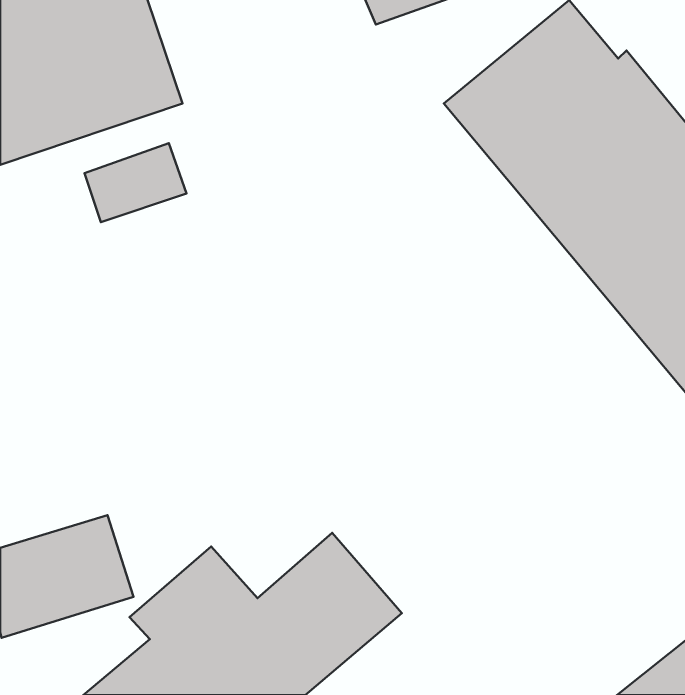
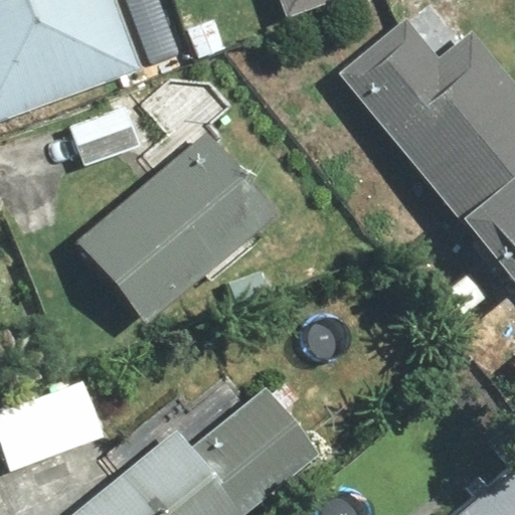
building: none -> [76,128,280,326]

